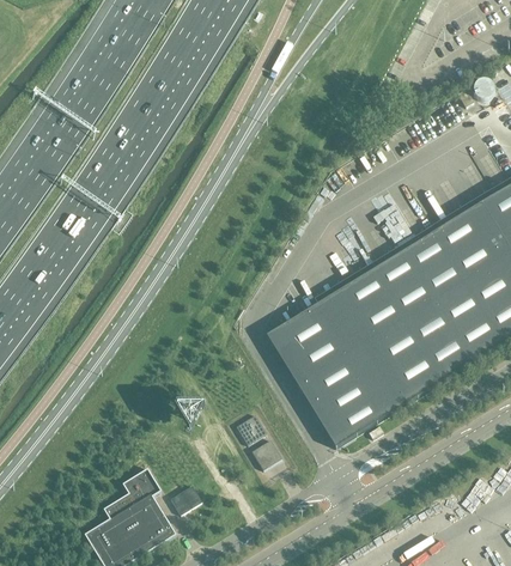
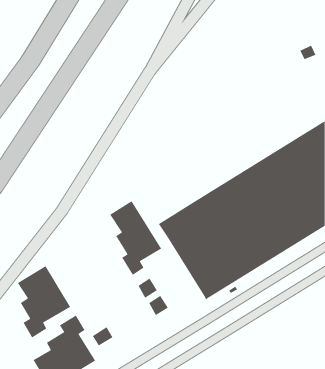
building: none -> [109,200,162,276]
building: none -> [17,265,71,338]

